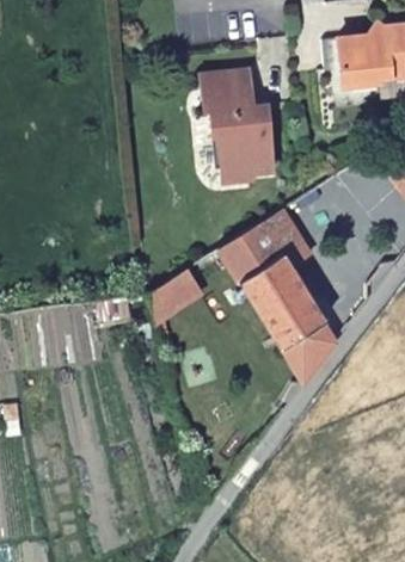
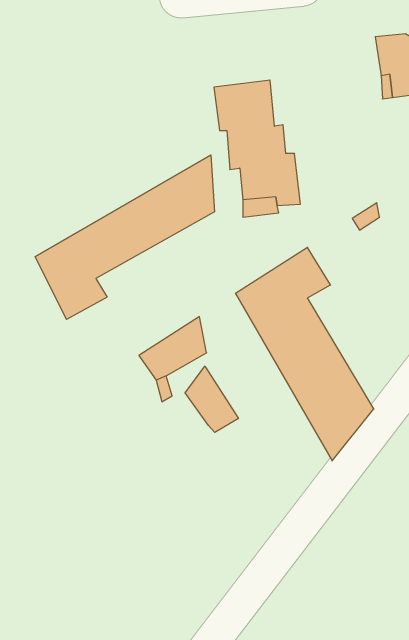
building: none -> [35,155,214,319]
building: none -> [185,366,238,432]

